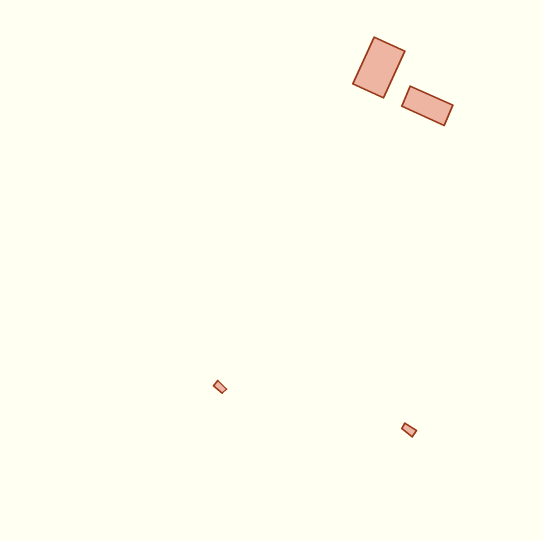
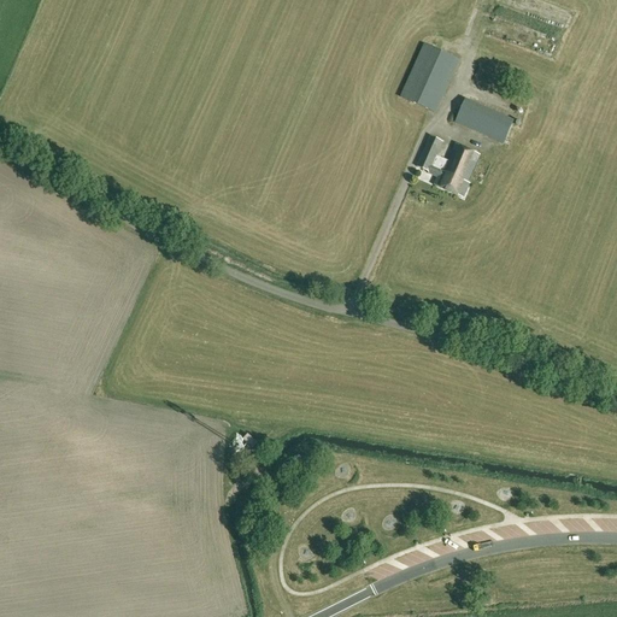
building: none -> [417,134,480,195]

